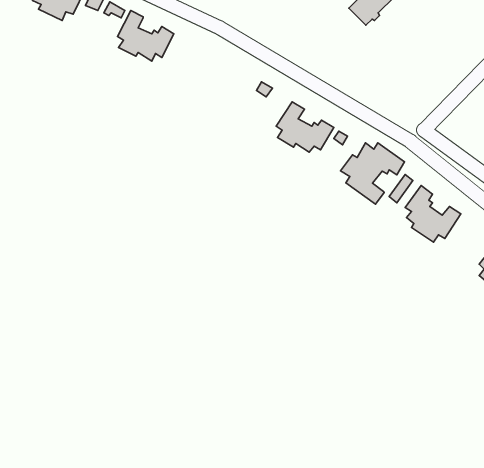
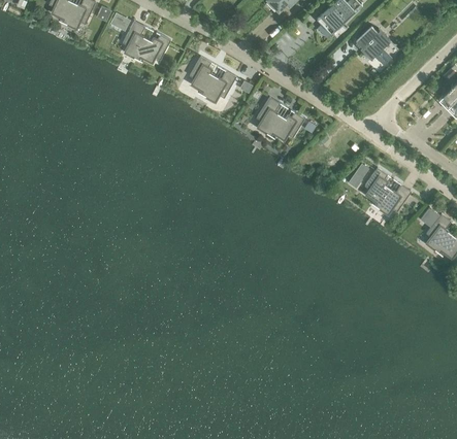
building: none -> [355,26,389,60]
building: none -> [188,57,235,103]
building: [340,143,405,204] -> none

